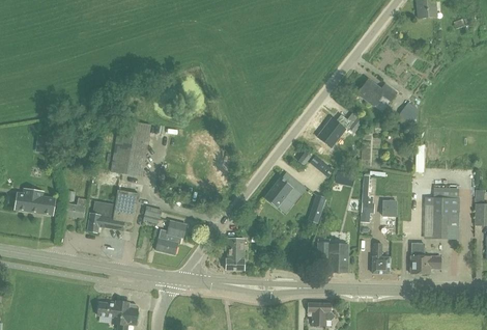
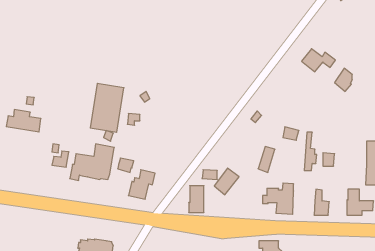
building: [318,113,362,143] -> none
building: [262,180,291,211] -> [214,168,239,195]
building: [13,189,54,215] -> [6,110,41,132]

